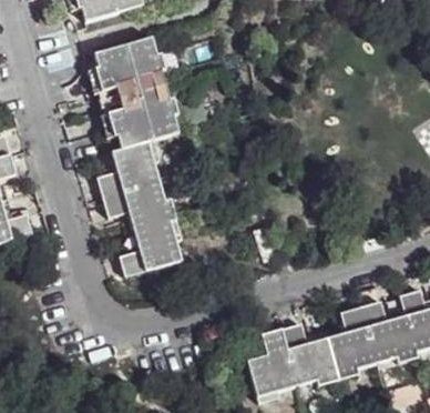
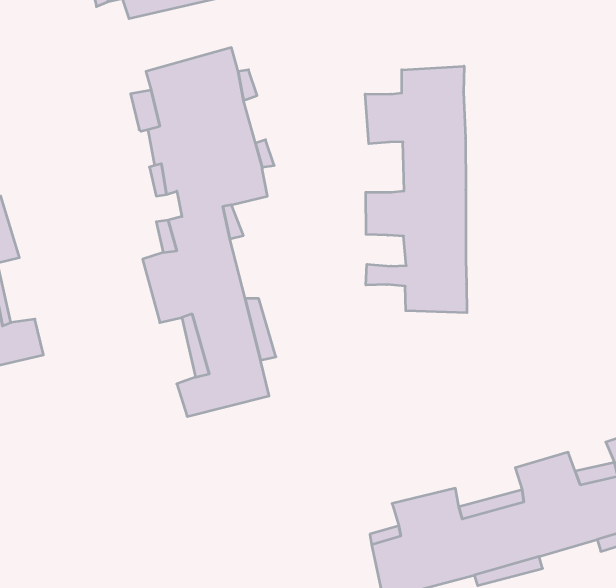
building: none -> [365,66,467,313]

